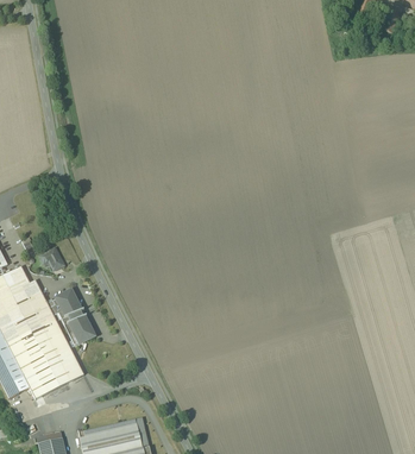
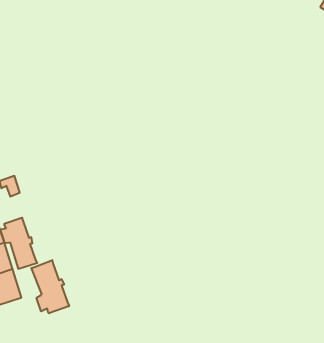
building: none -> [31,260,69,313]

